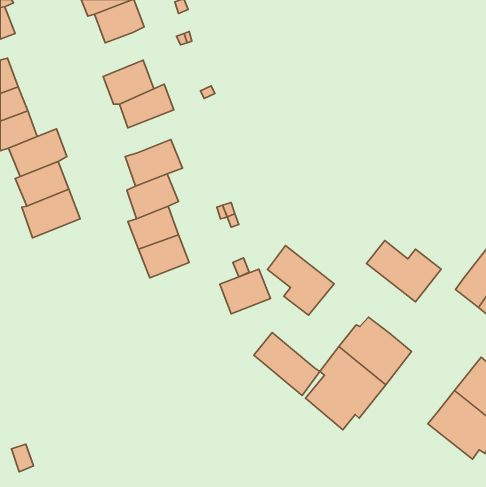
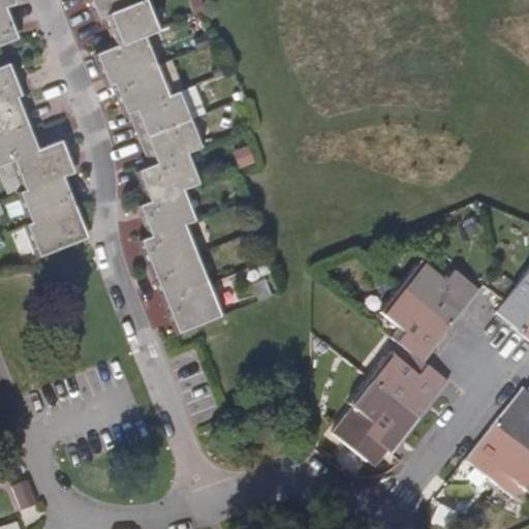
building: none -> [95,35,157,84]
building: none -> [141,119,200,165]
building: [267,246,334,315] -> [379,285,452,361]
building: [220,269,270,314] -> [164,284,219,333]
building: [254,332,320,395] -> none

